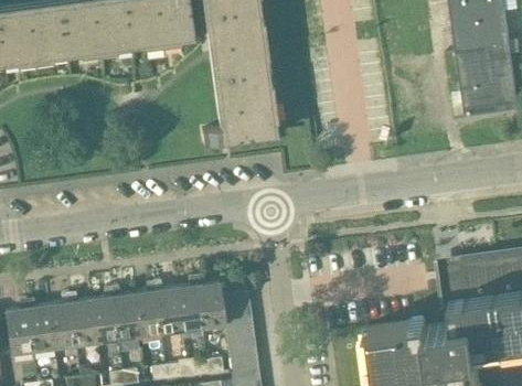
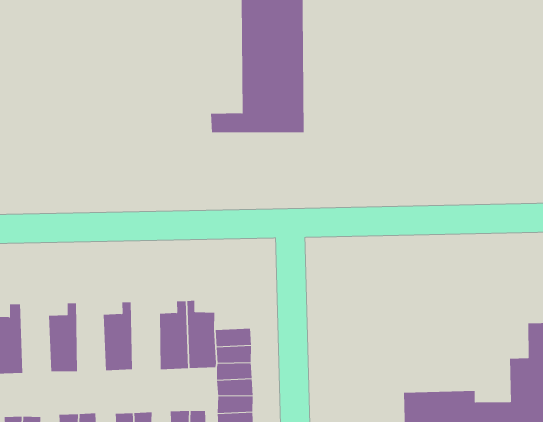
building: [153,280,181,333] -> none
building: [111,286,139,340] -> none
building: [68,291,97,345] -> none

